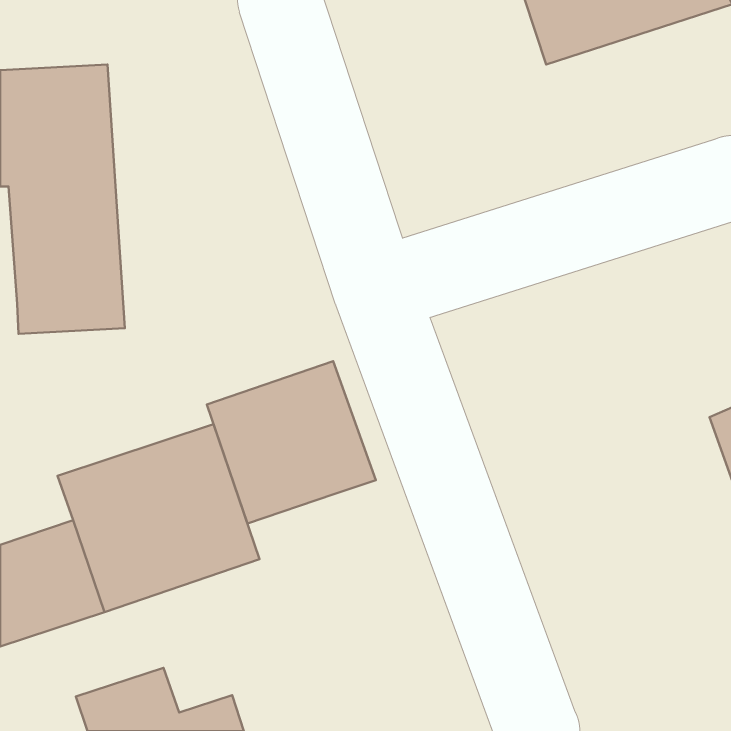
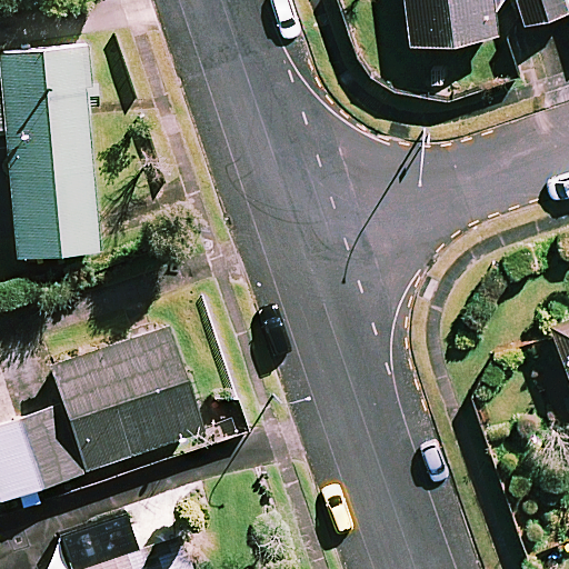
building: [207,361,376,524] -> none

